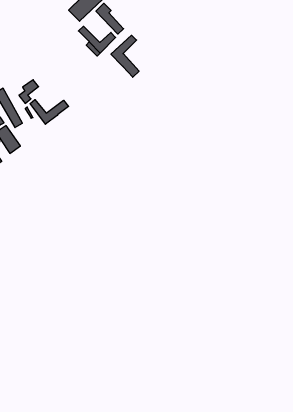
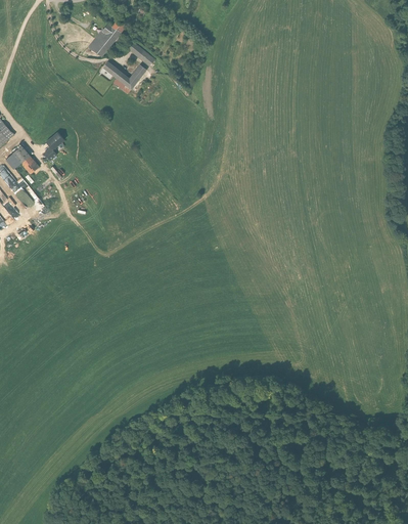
building: [111,35,139,77] -> none
building: [30,100,69,124] -> none

